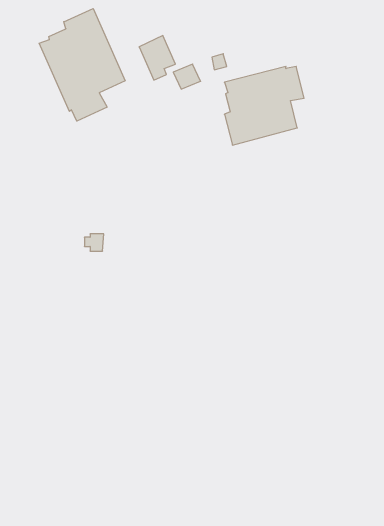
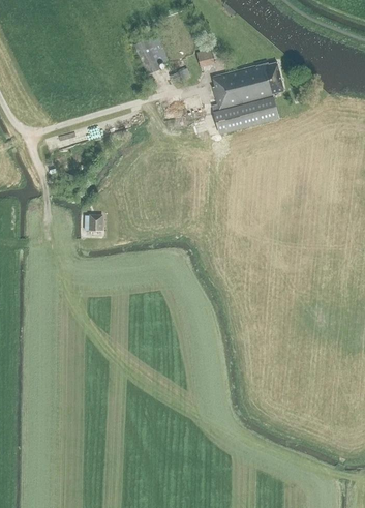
building: [39,9,125,121] -> none

